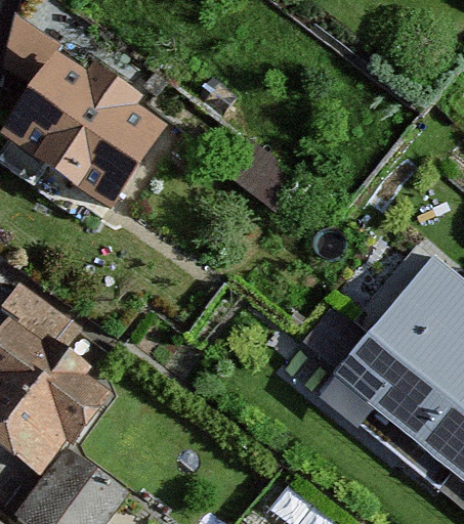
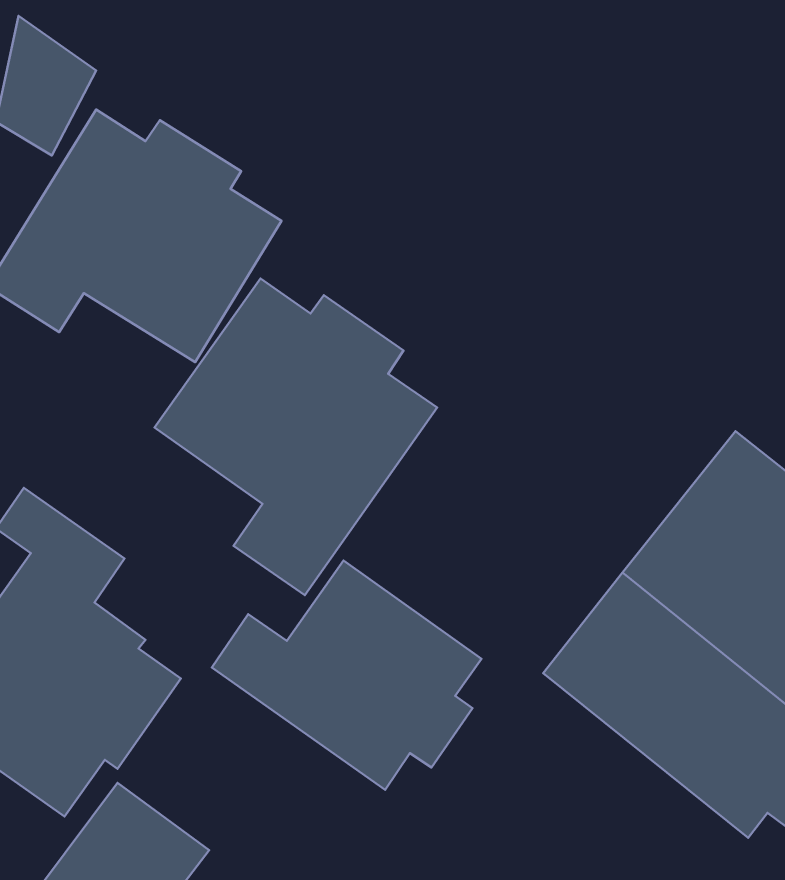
building: none -> [154,278,437,595]
building: none -> [212,561,481,790]

